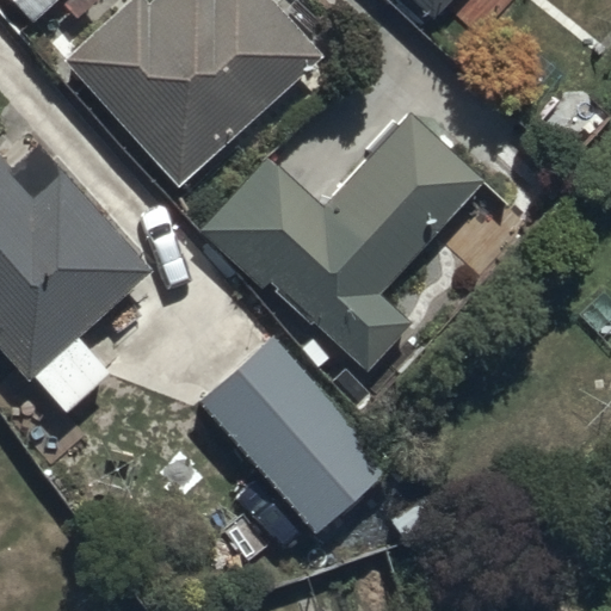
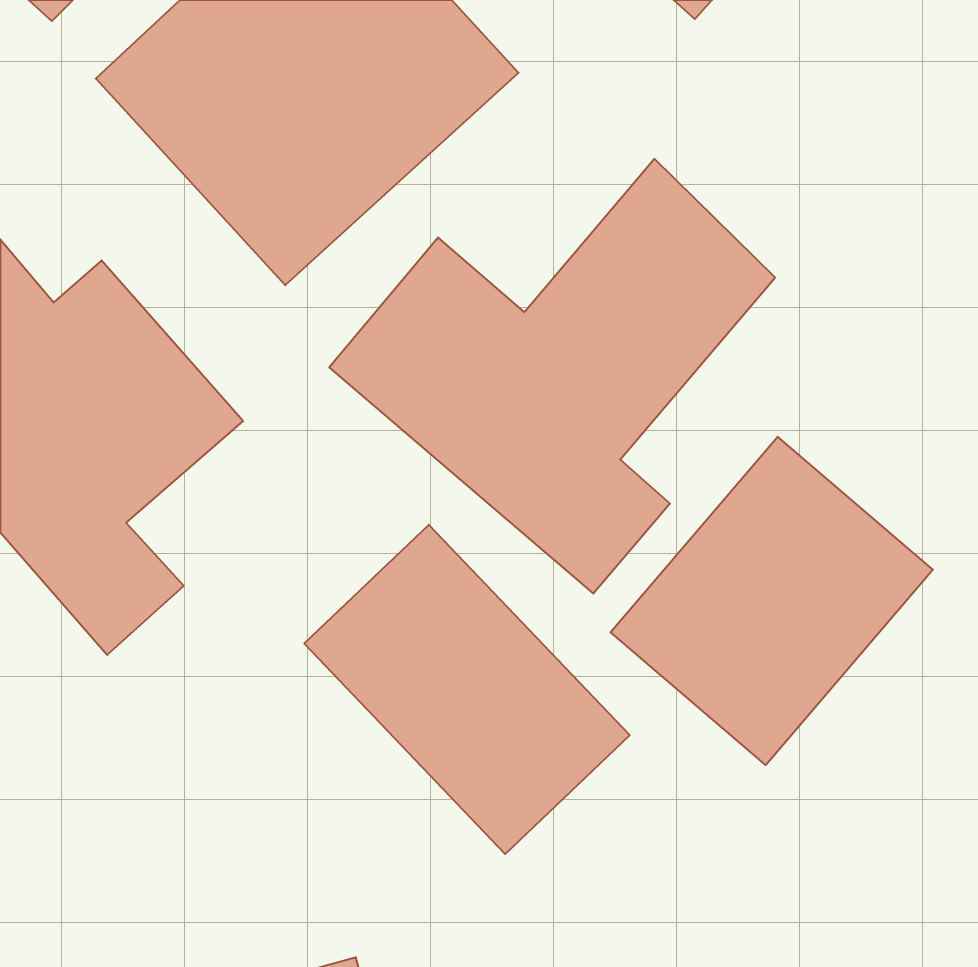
building: none -> [611,437,933,765]

